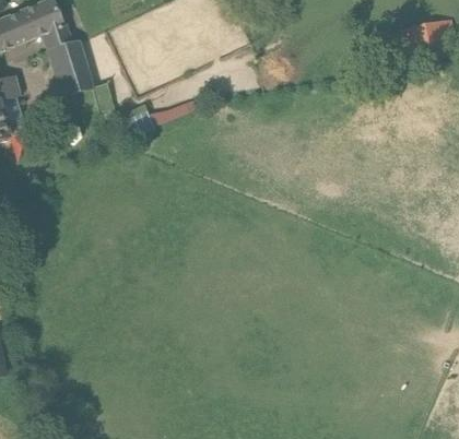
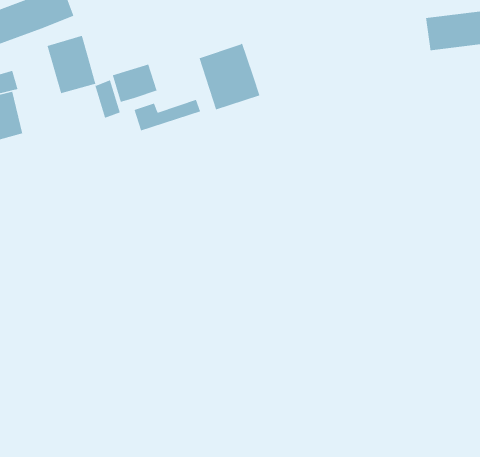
building: [43,23,81,50] -> none
building: none -> [198,42,260,110]
building: none -> [112,63,158,103]

